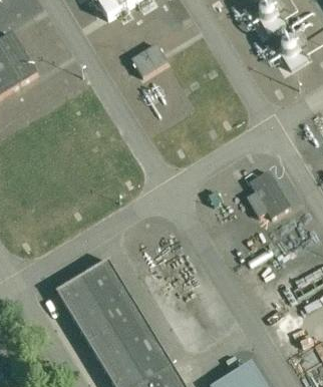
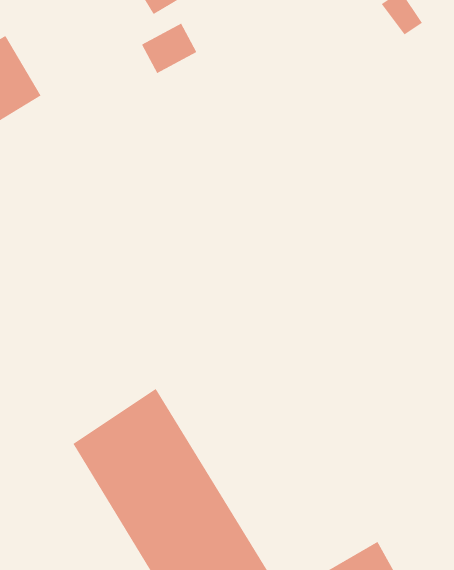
building: [132,44,169,77] -> [141,23,197,74]
building: [248,171,289,222] -> none

